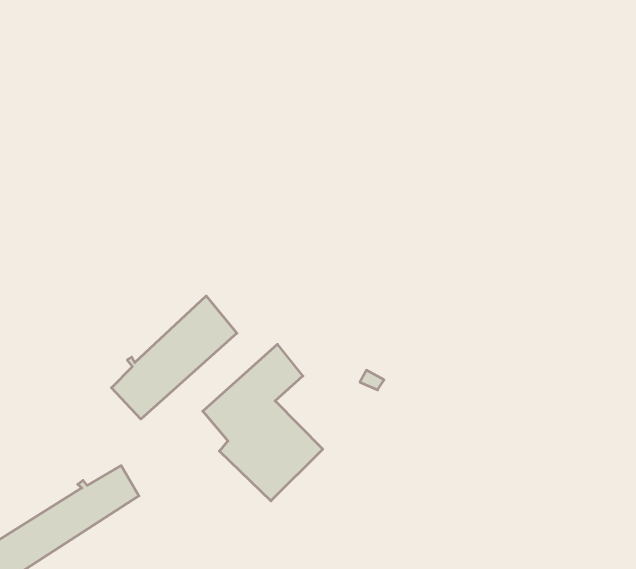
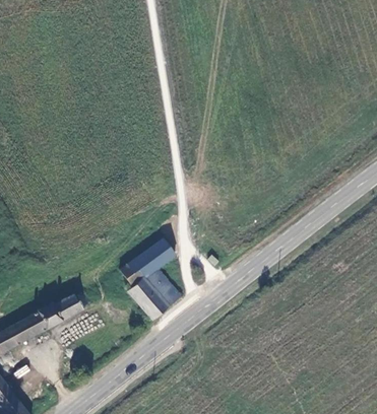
building: [111,296,237,419] -> none

